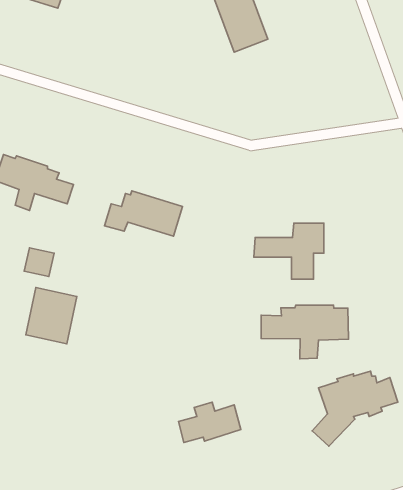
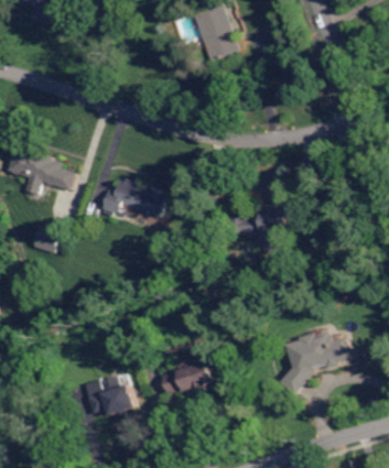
building: [26,287,77,344] -> none
building: [261,305,348,359] -> none
building: none -> [83,379,134,415]

